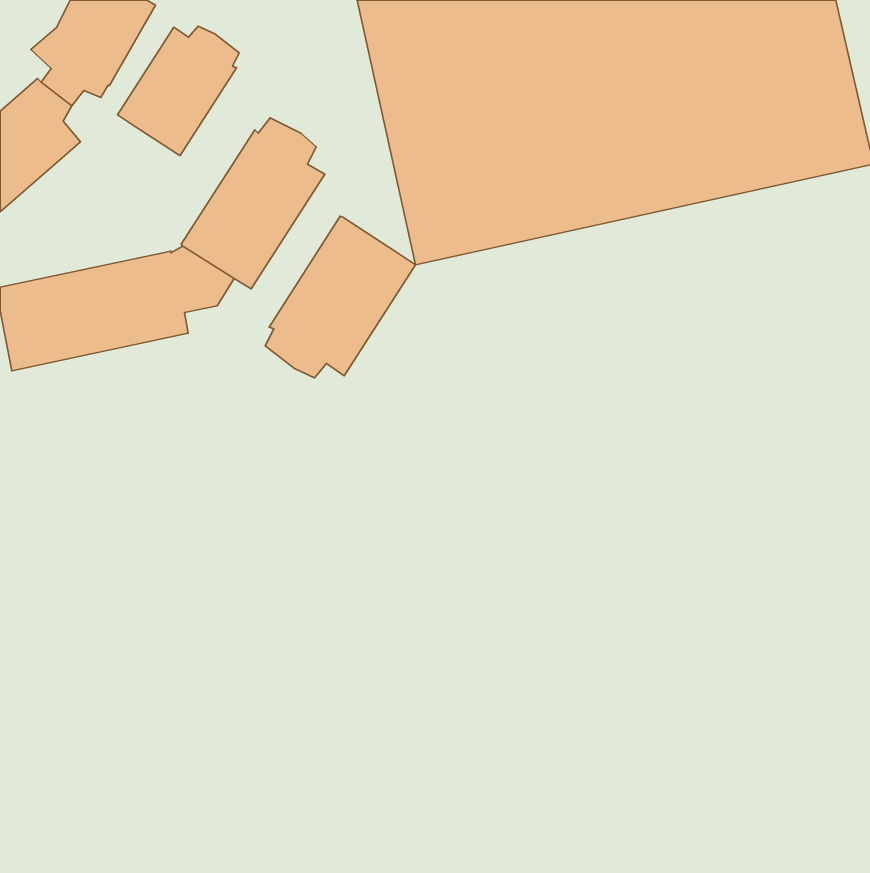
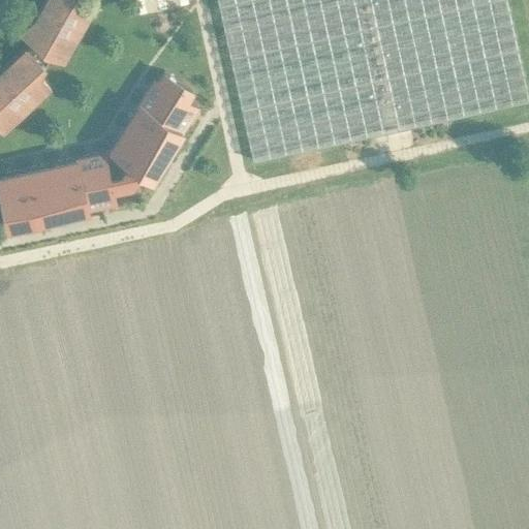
building: [118,26,239,155] -> none
building: [265,216,415,378] -> none

